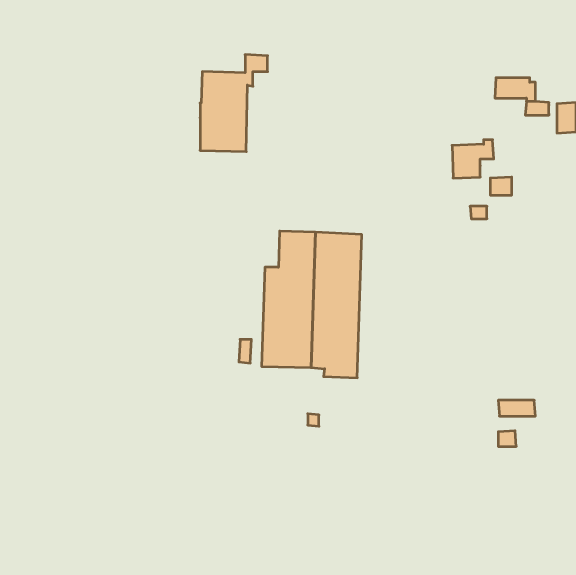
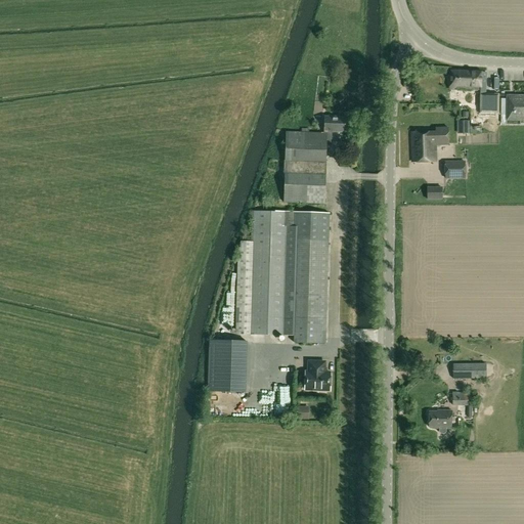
building: [200,55,268,152] -> [283,116,345,204]
building: none -> [208,340,247,392]
building: none -> [304,360,330,391]
building: none -> [428,409,451,433]

